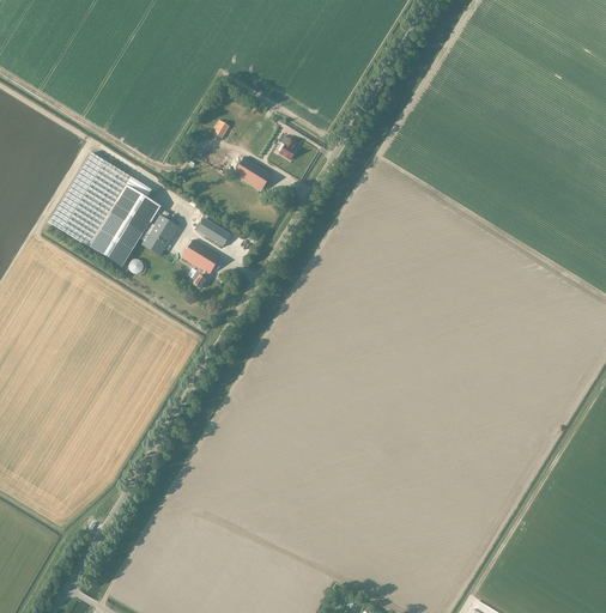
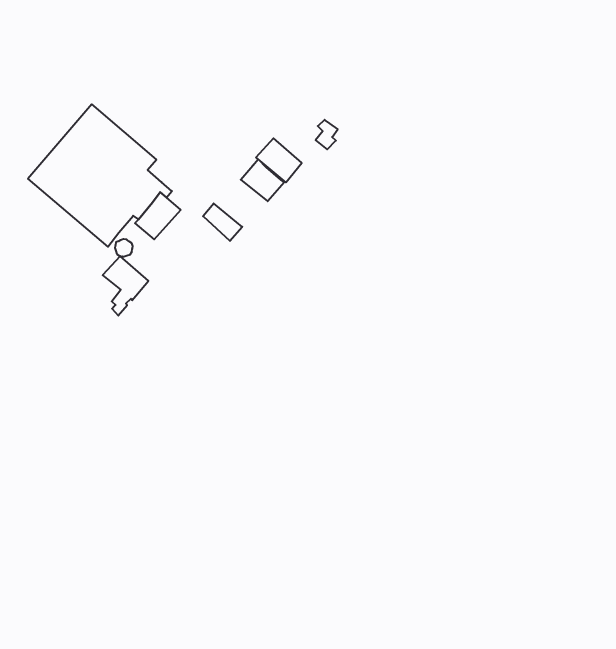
building: none -> [241,159,284,201]
building: [181,239,219,289] -> [103,256,148,316]

